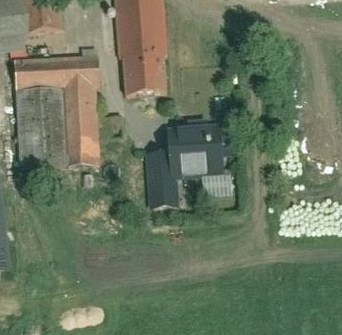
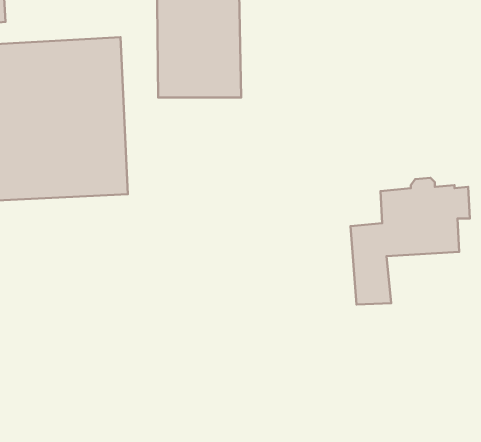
building: [157,123,236,207] -> [350,178,470,305]

